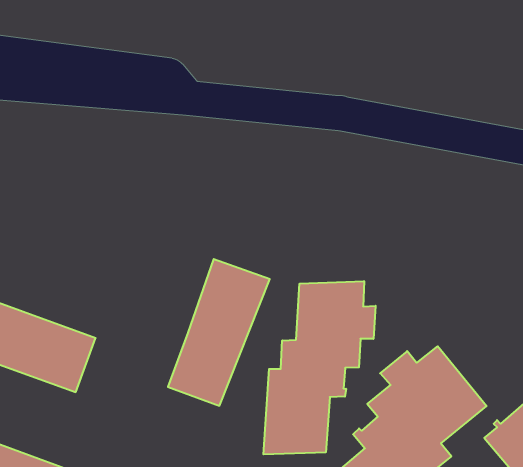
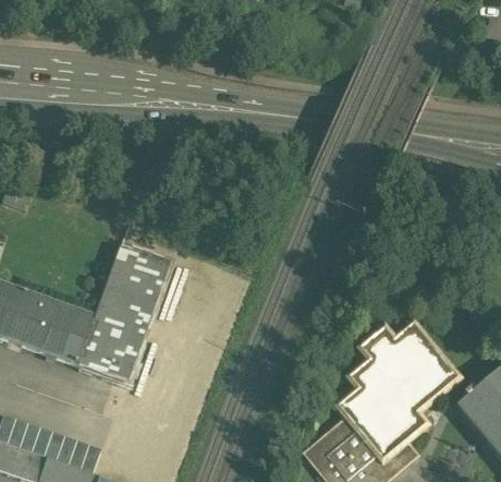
building: [168,259,270,406] -> [78,246,173,383]
building: [263,281,376,454] -> none

